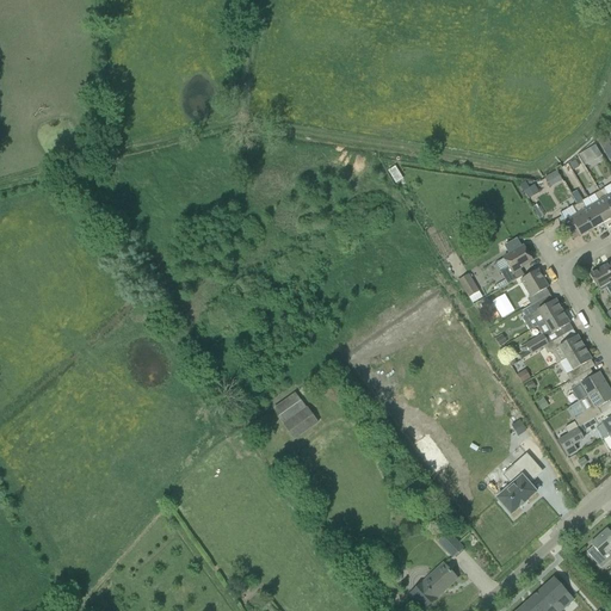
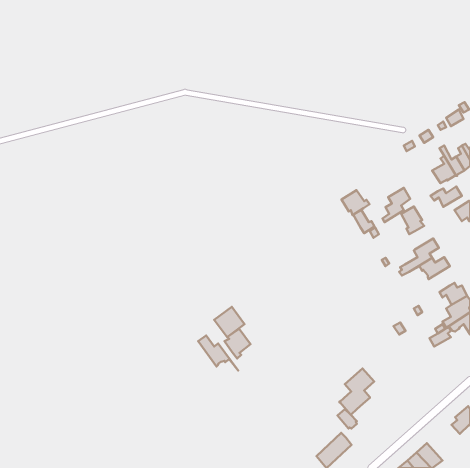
building: none -> [342,190,370,215]
building: [521,297,562,323] -> [430,187,462,207]
building: [556,345,592,378] -> none
building: none -> [224,329,250,358]
building: none -> [198,336,238,371]
building: [496,452,542,512] -> [339,368,374,415]

